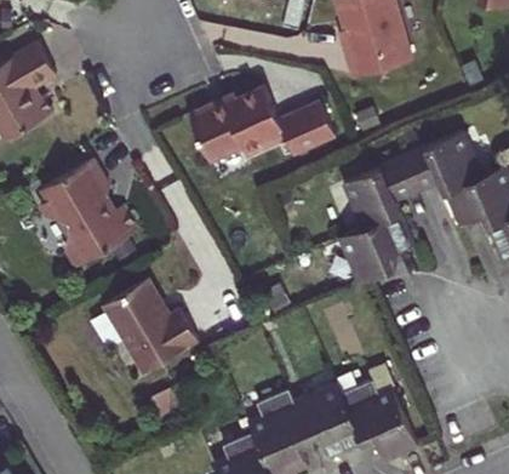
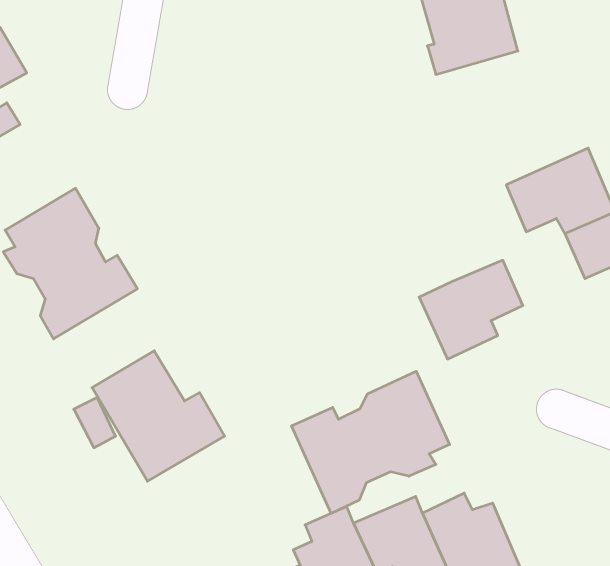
building: [187,86,333,165] -> none
building: [343,158,417,228] -> none
building: none -> [292,371,450,513]

